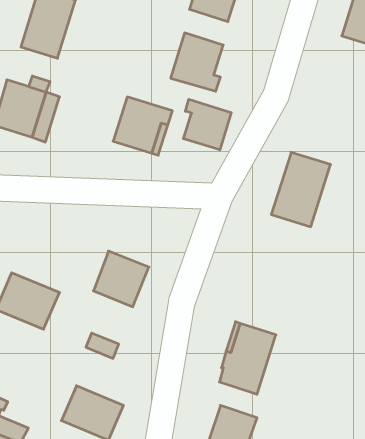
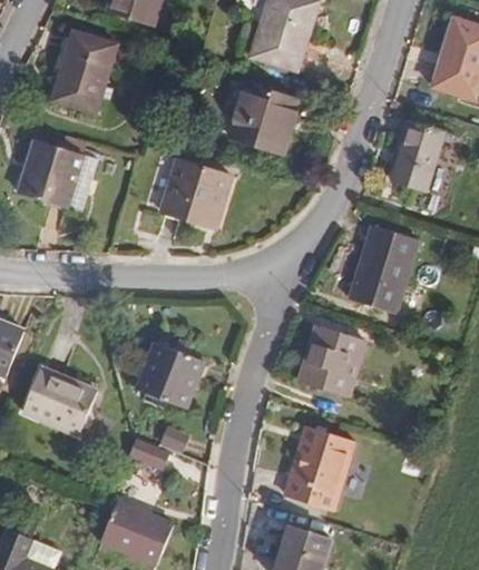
building: none -> [390,120,443,191]
building: [183,99,231,150] -> none
building: none -> [300,325,363,396]

